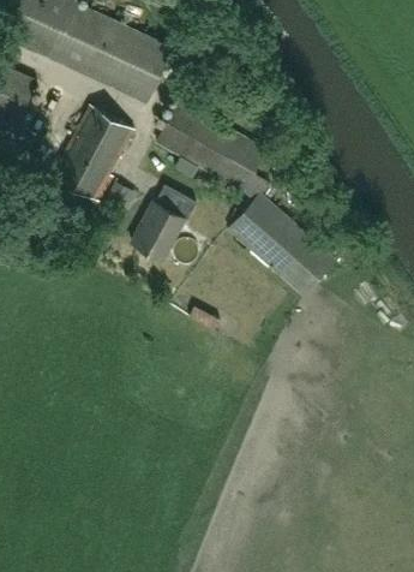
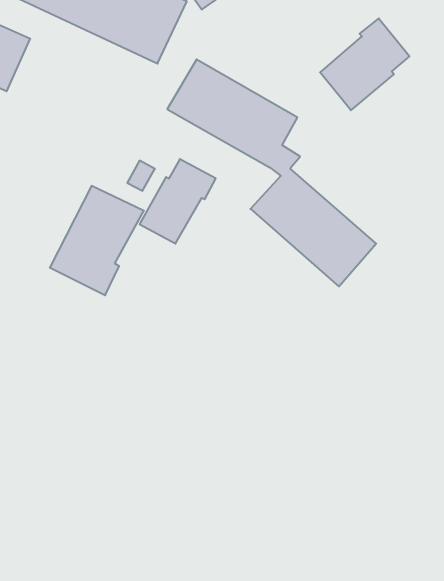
building: none -> [320,18,409,110]
building: [53,107,134,202] -> [50,186,144,295]

